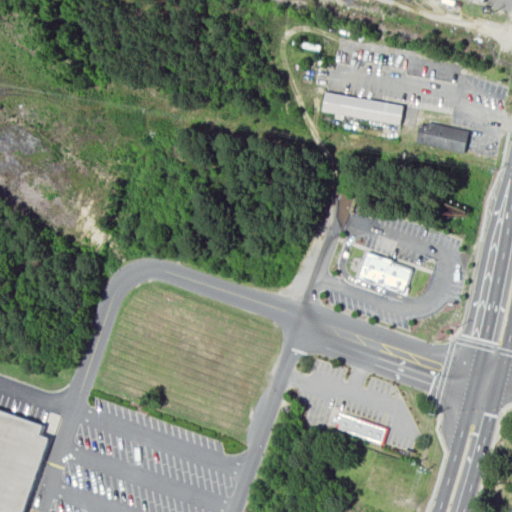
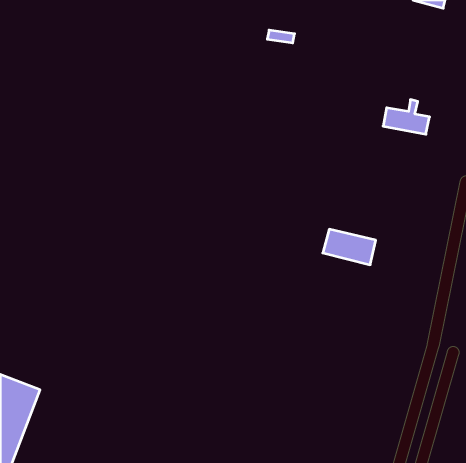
building: [323,91,406,129] -> none
building: [333,414,391,446] -> none

